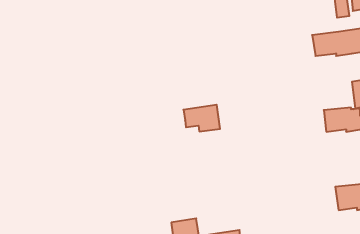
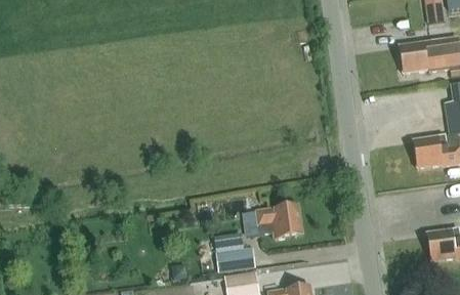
building: [183,105,220,131] -> [255,204,300,237]
building: none -> [216,246,255,270]

